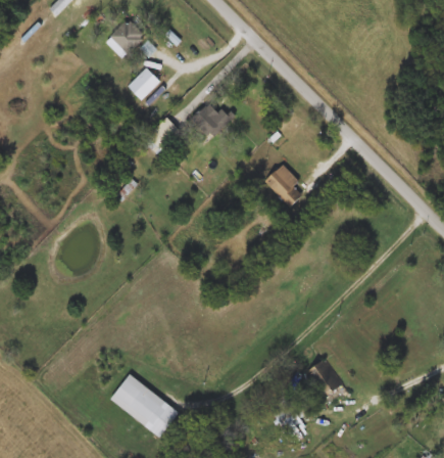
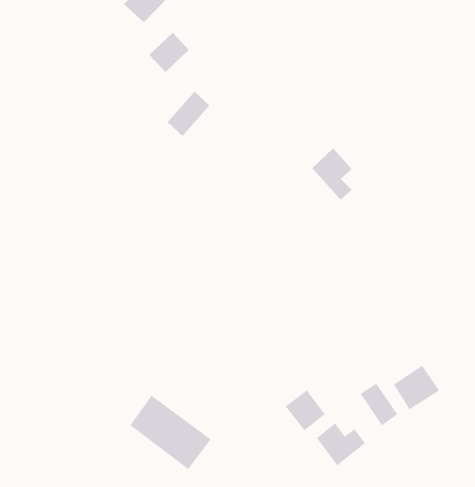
building: [192,101,231,139] -> none
building: none -> [393,365,440,410]
building: none -> [285,390,326,431]

